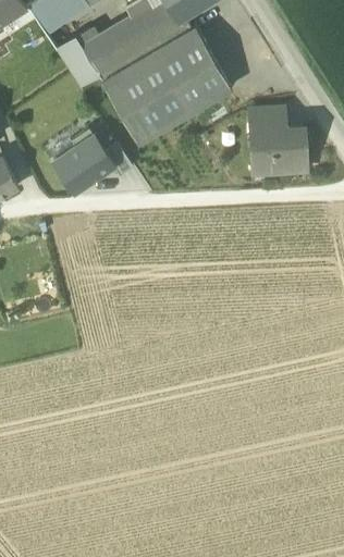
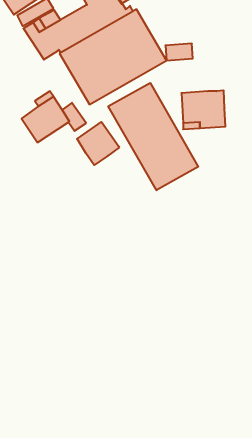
building: [249,108,283,128] -> [165,44,193,60]
building: none -> [108,83,198,190]
building: none -> [77,122,119,165]

